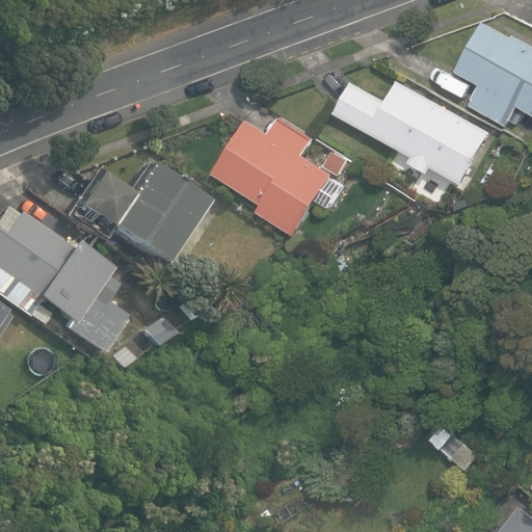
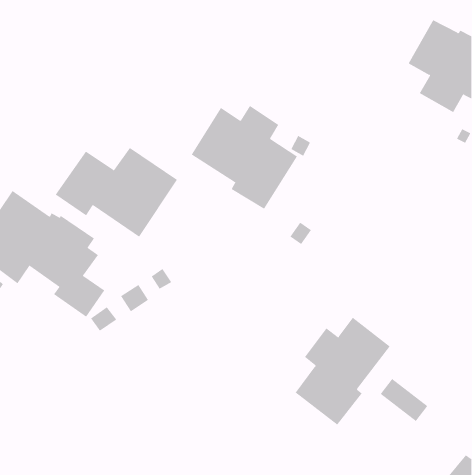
building: [335,81,490,184] -> none
building: none -> [295,317,390,425]

